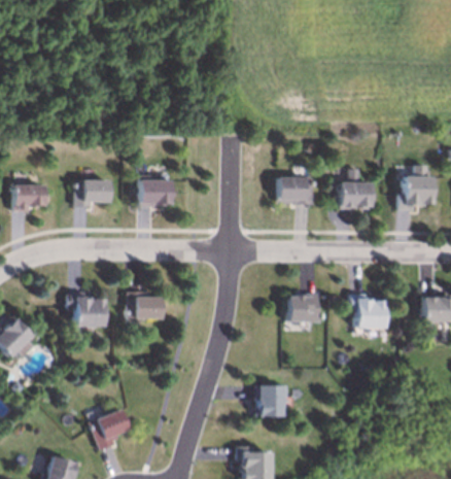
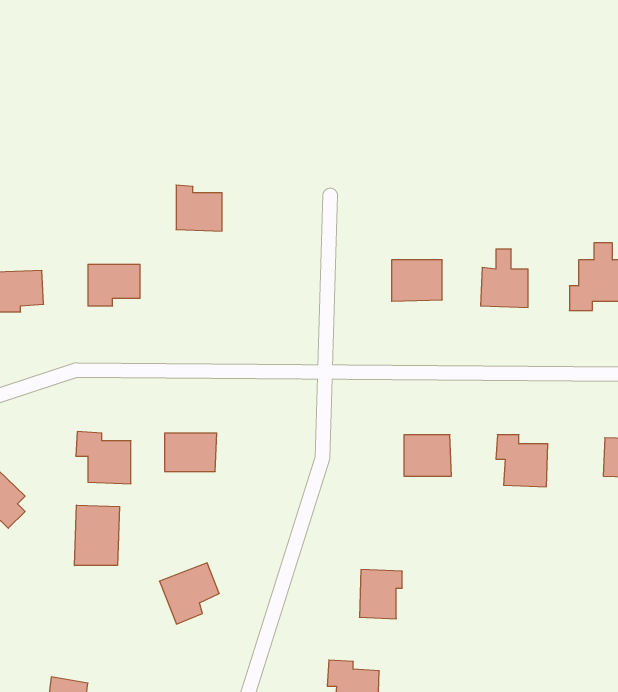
building: [141,174,172,205] -> [176,185,222,231]
building: none -> [75,505,119,566]
building: [90,409,130,450] -> [159,563,219,624]

